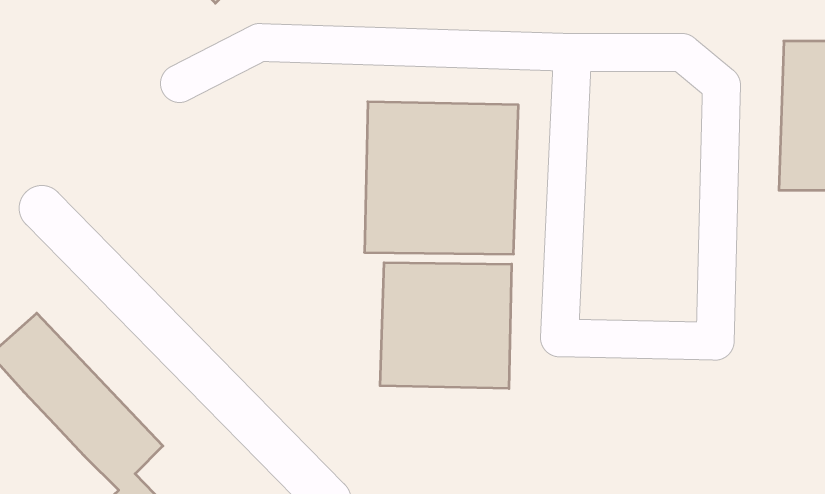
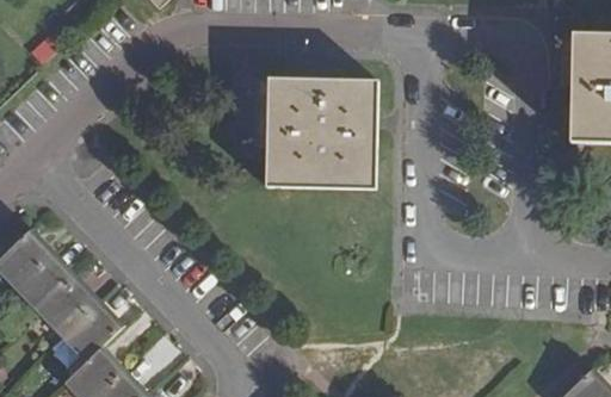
building: [380,263,512,389] -> none

